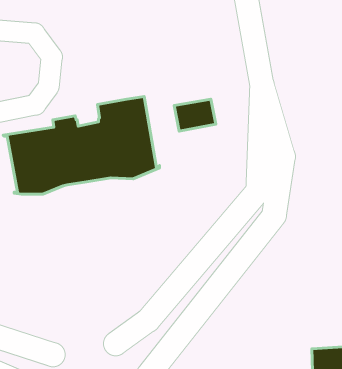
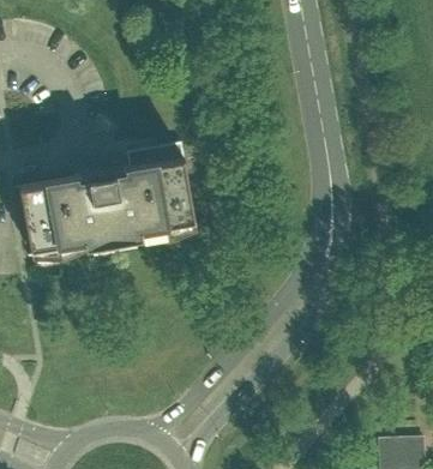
building: [174,99,216,131] -> none

